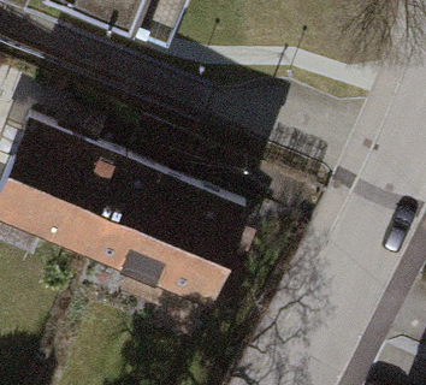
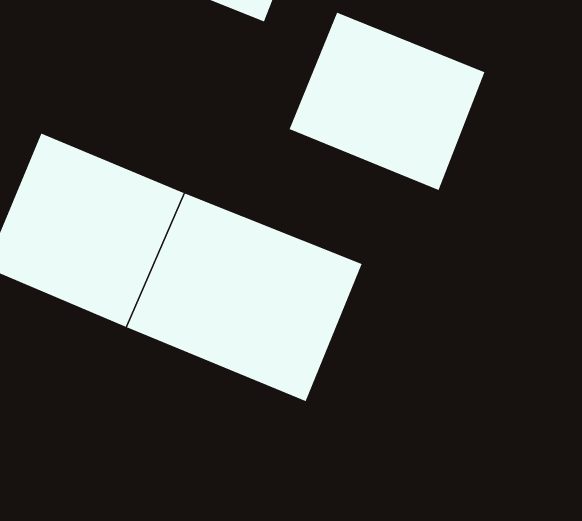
building: none -> [289,12,485,191]

